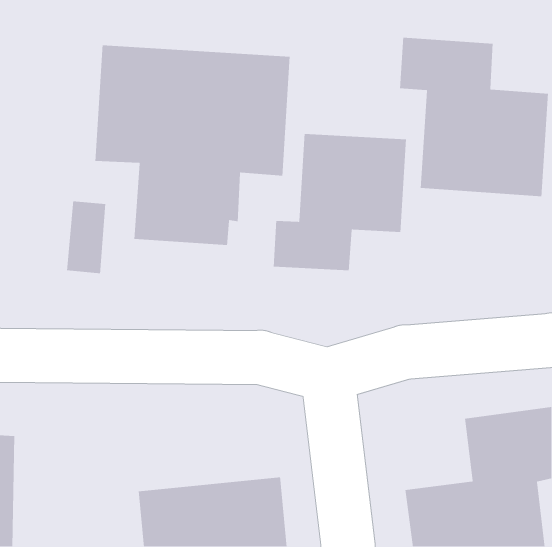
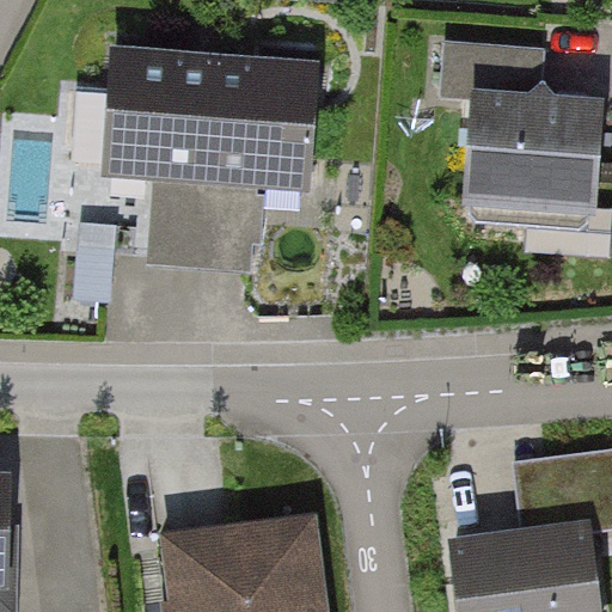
building: [273,133,407,271] -> none

